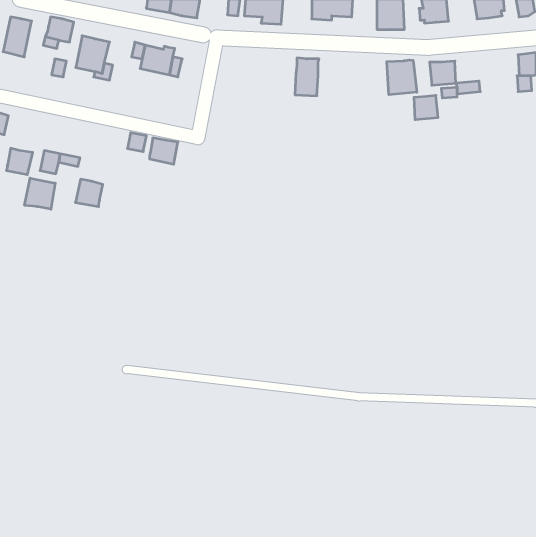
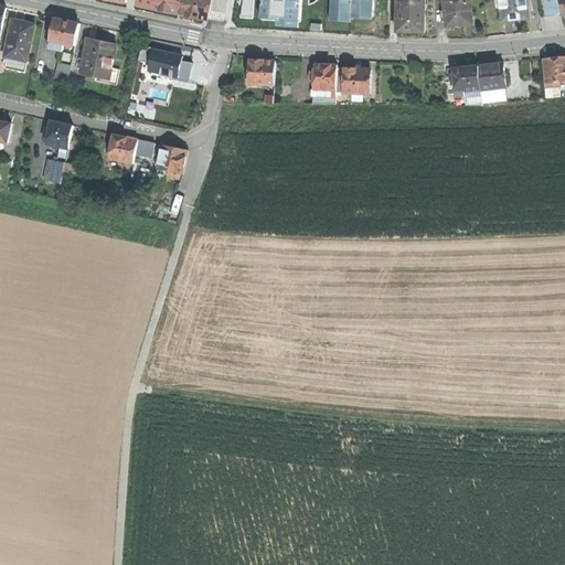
building: none -> [246,57,271,82]
building: [387,60,417,95] -> none
building: none -> [341,65,367,95]
building: [414,95,438,120] -> [477,62,502,87]
building: [6,148,33,175] -> [45,119,73,147]
building: [25,178,55,209] -> none
building: [75,179,103,207] -> [108,134,137,162]

